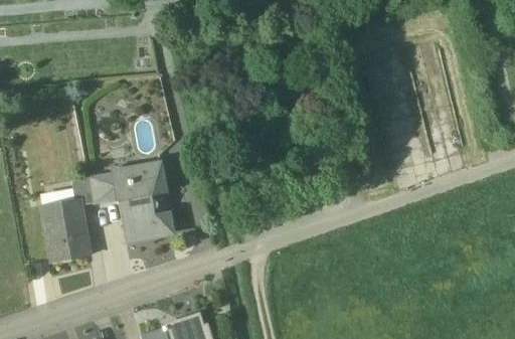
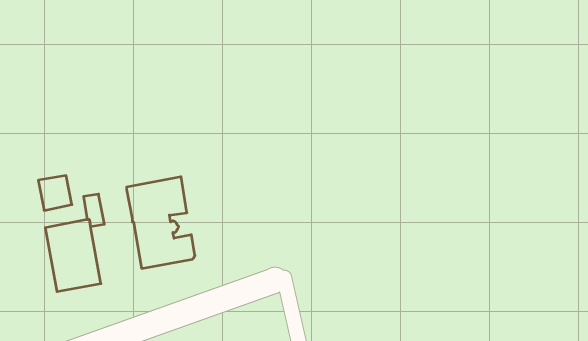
building: [89,172,118,202] -> [38,176,72,210]

